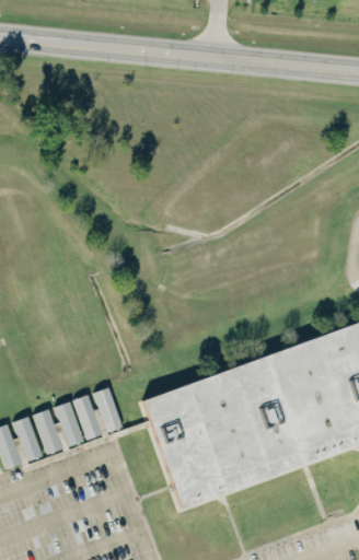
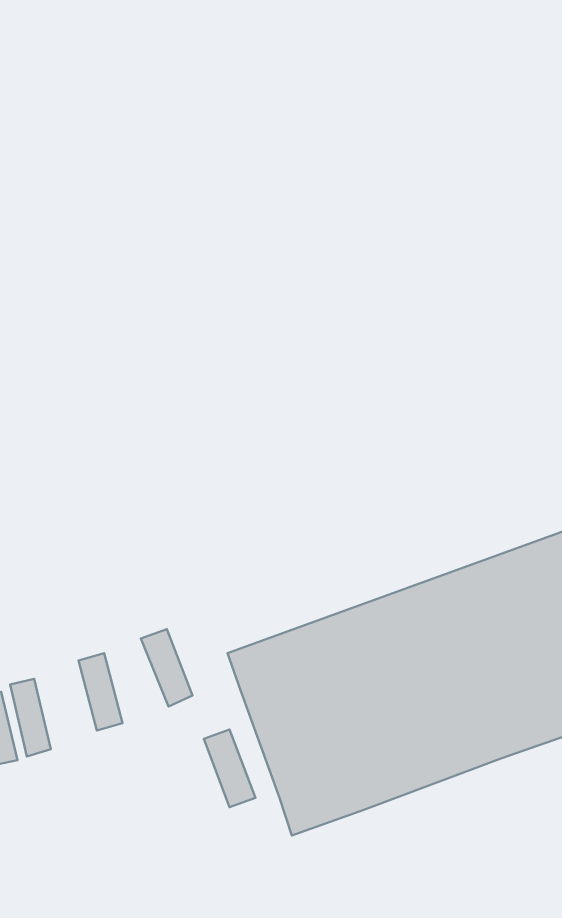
building: [72,395,103,441] -> [204,730,255,807]
building: [33,409,61,455] -> none

